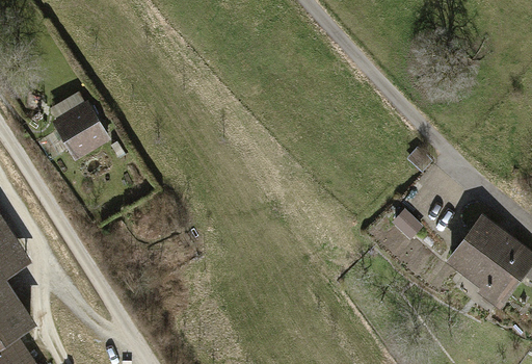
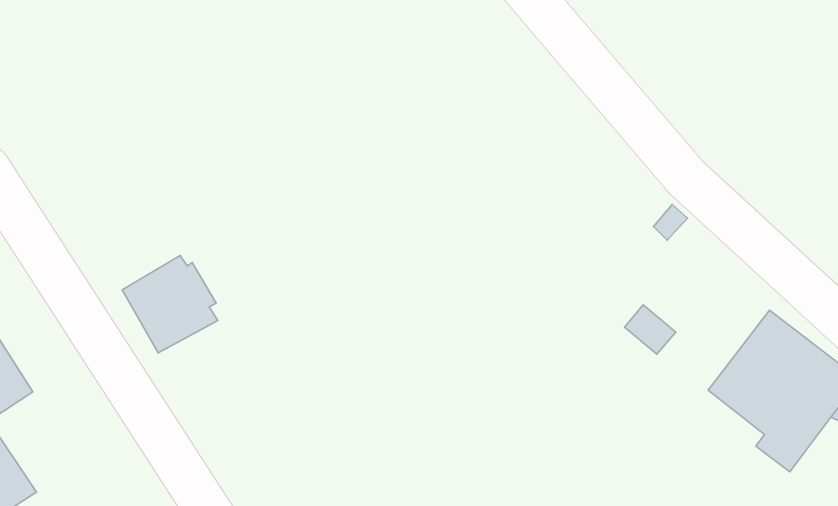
building: [51,100,109,159] -> [122,256,218,353]

